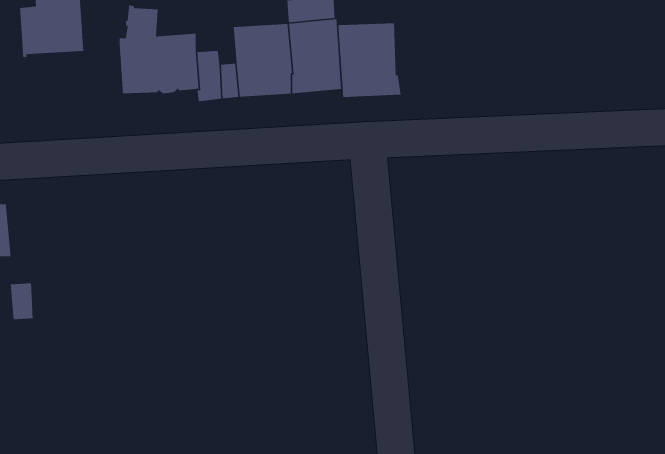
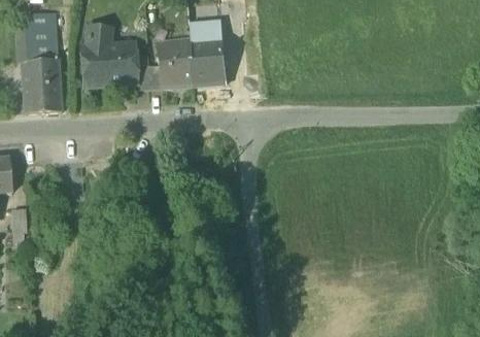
building: [338,23,401,98] -> none
building: none -> [22,57,62,112]

